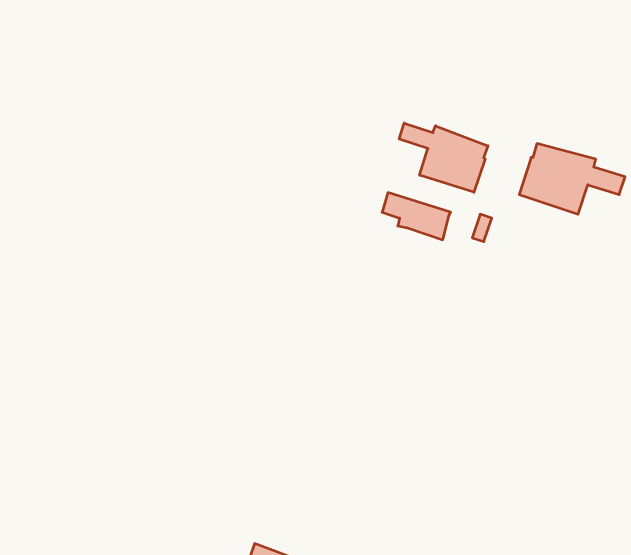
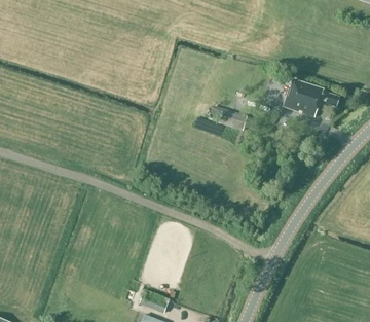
building: [399,123,488,192] -> none

